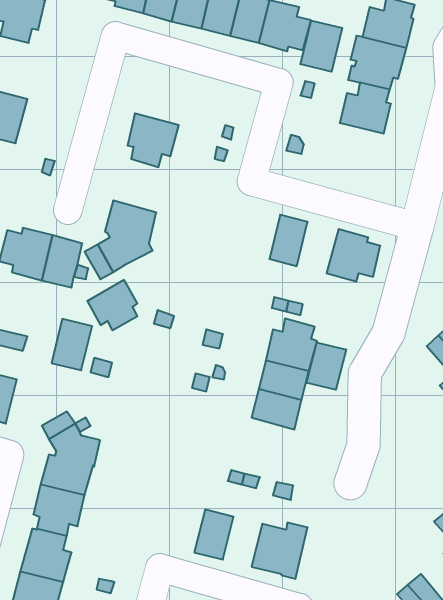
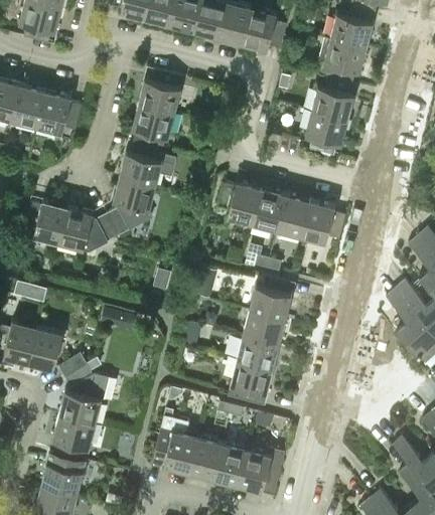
building: [300,20,342,72] -> none
building: none -> [138,67,181,112]
building: none -> [37,90,83,133]
building: none -> [304,110,348,155]
building: none -> [120,140,177,185]
building: none -> [216,181,261,224]
building: none -> [275,193,310,236]
building: [87,280,137,330] -> none
building: [52,319,92,370] -> [29,326,63,369]
building: [307,343,346,390] -> none
building: none -> [228,358,273,404]
building: none -> [153,415,197,472]
building: none -> [212,442,246,484]

